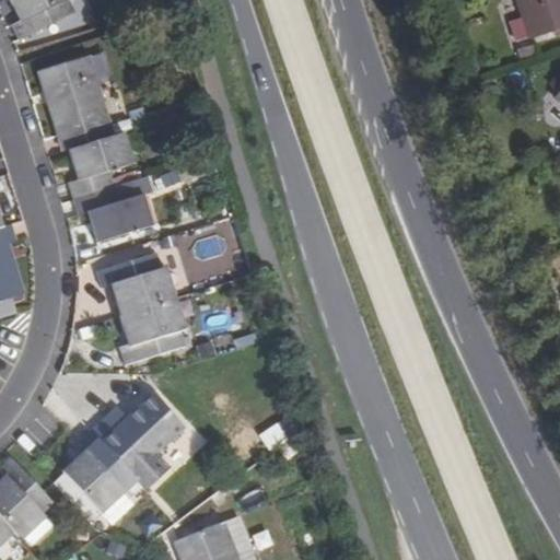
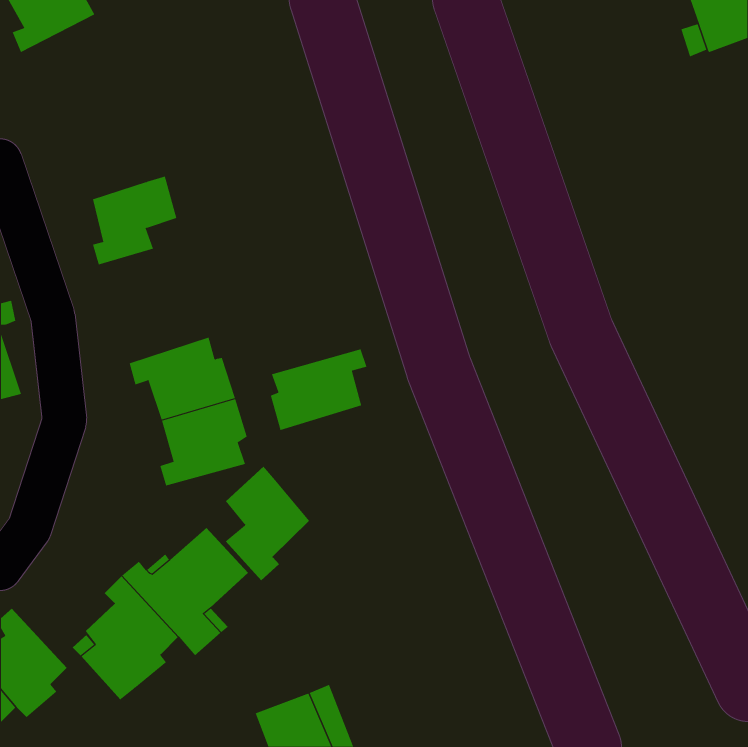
building: [44,56,109,149] -> none
building: [73,186,151,241] -> none
building: none -> [270,349,367,431]
building: none -> [225,466,310,581]

